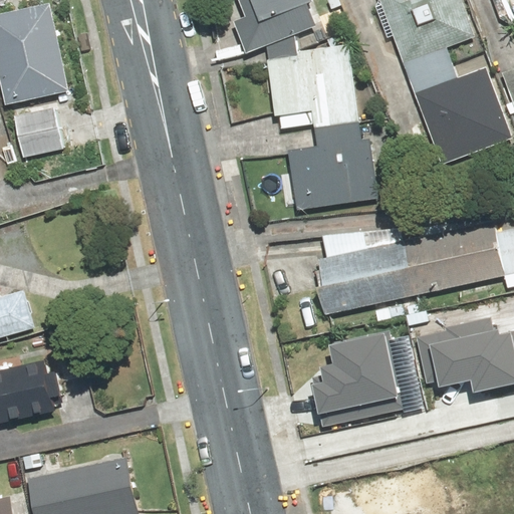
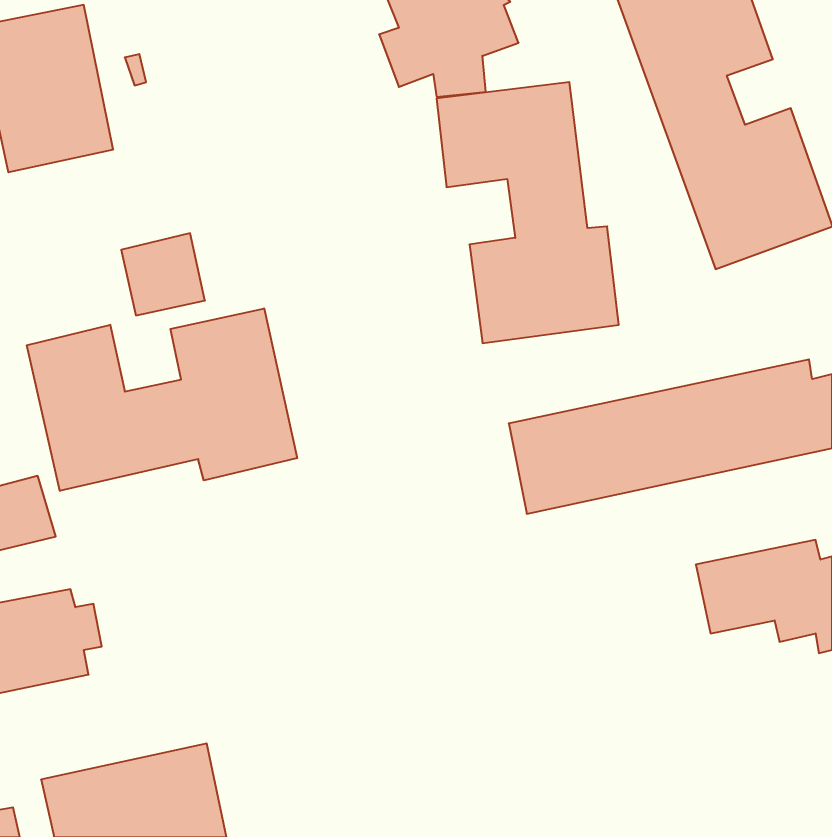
building: [12,106,63,157] -> [121,233,205,315]
building: none -> [27,308,297,491]
building: [321,340,415,422] -> none

